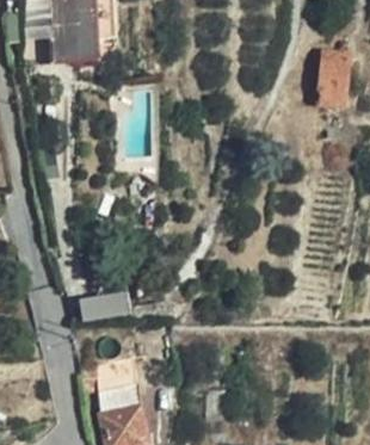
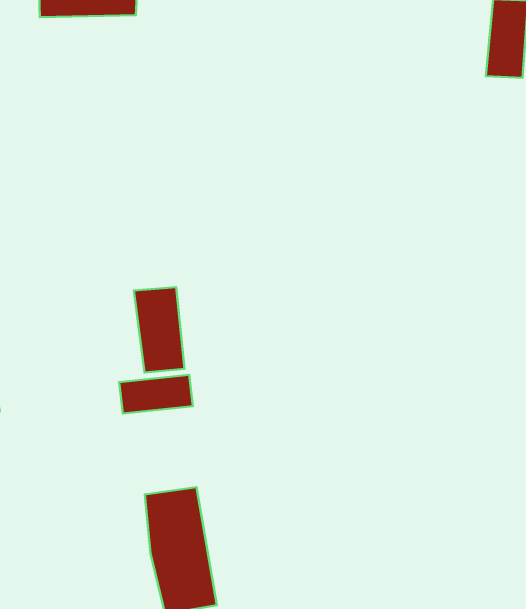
building: none -> [134,287,185,372]

